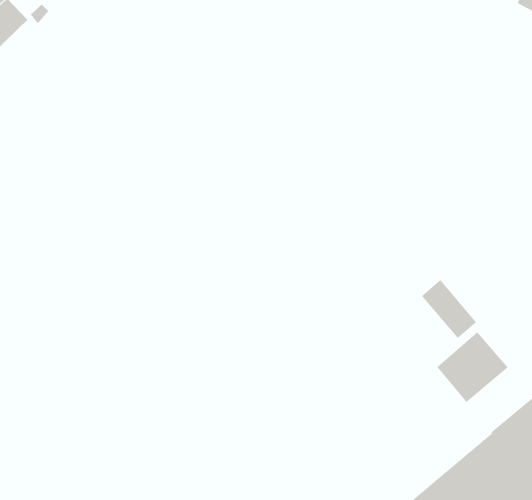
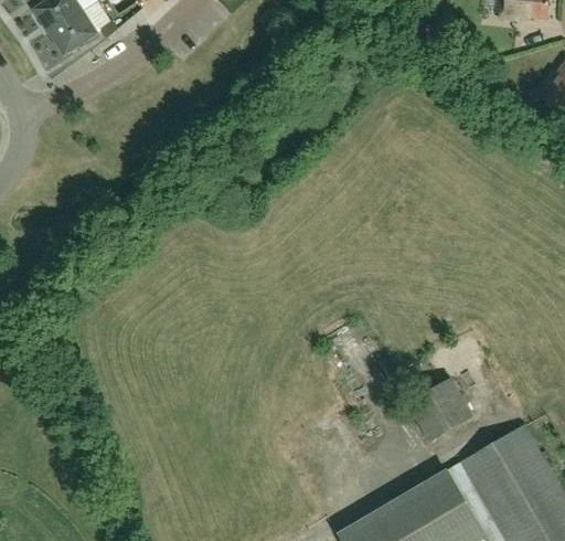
building: [421,279,477,339] -> none

